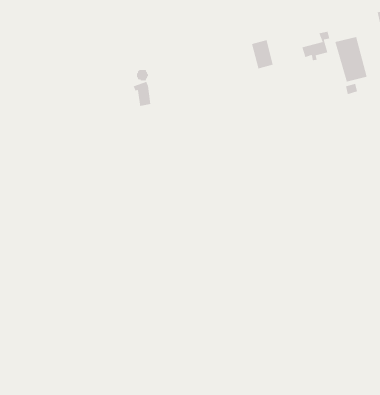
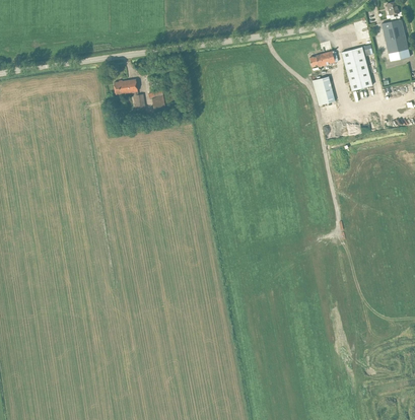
building: [251,39,274,69] -> [313,76,334,104]
building: none -> [114,79,145,111]

